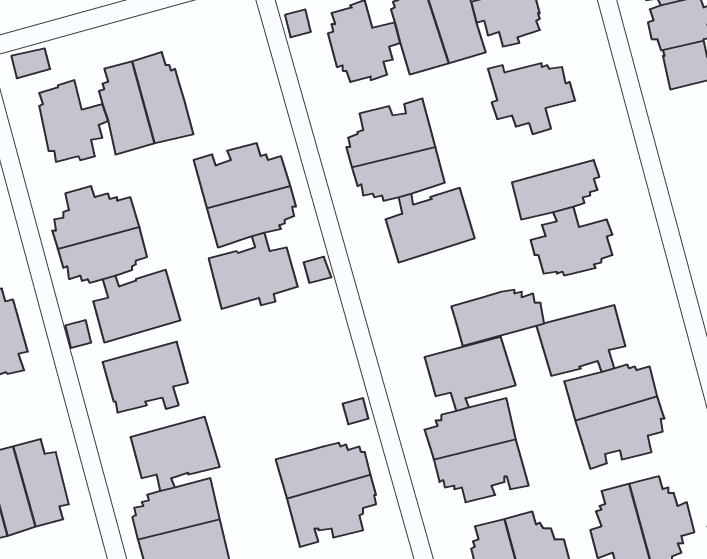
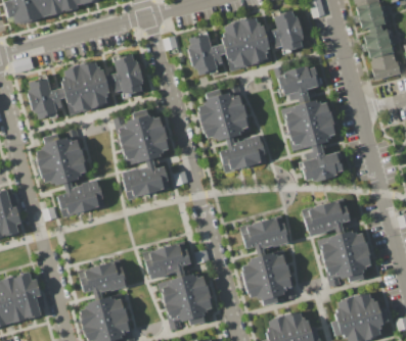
building: none -> [105,53,144,98]
building: [451,290,544,346] -> [282,100,333,131]
building: [102,342,188,413] -> [143,241,190,280]

